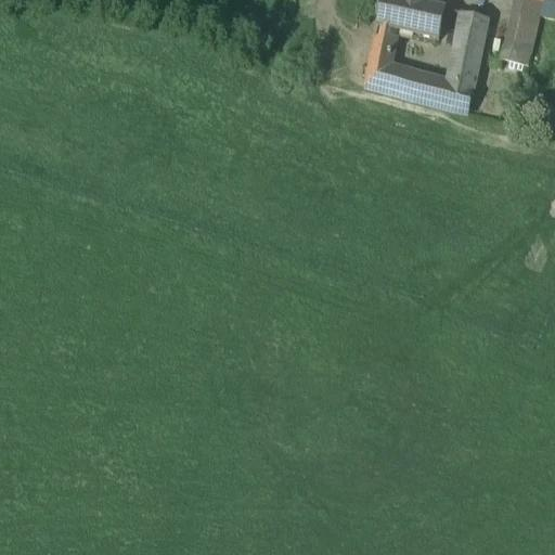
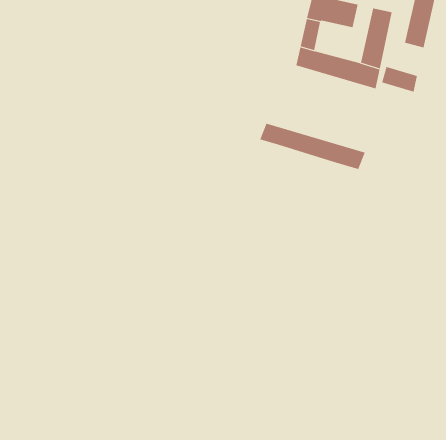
building: none -> [382,66,417,93]
building: none -> [260,123,365,170]

